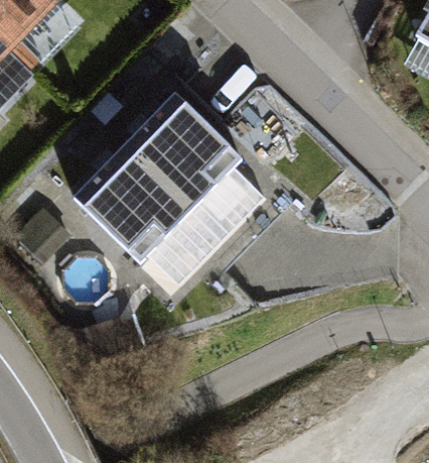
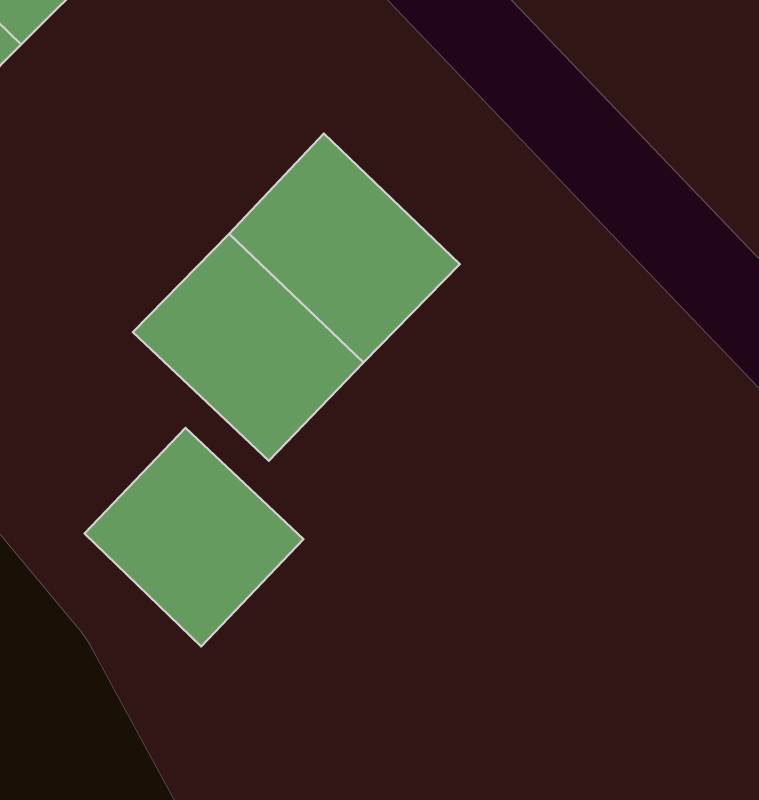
building: none -> [84,428,303,646]

